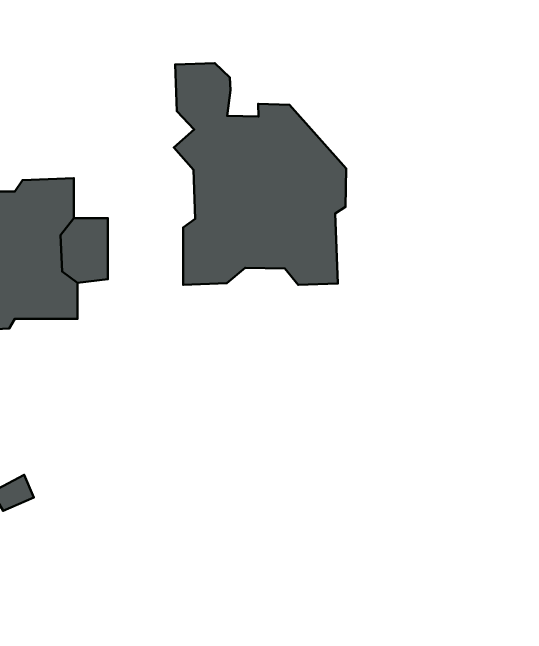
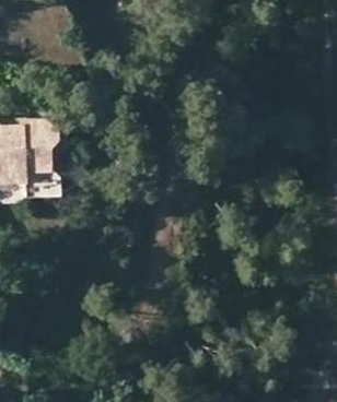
building: [174,63,346,285] -> none

